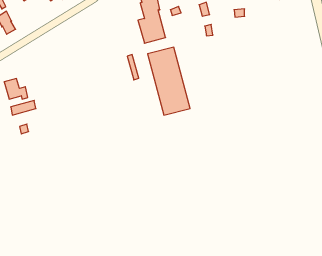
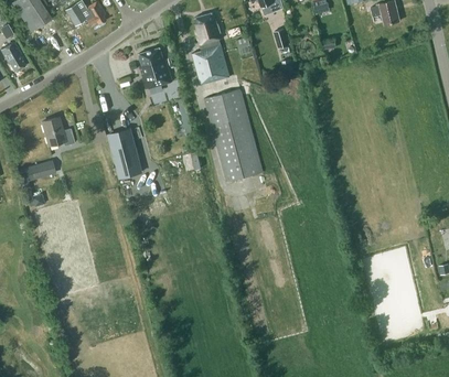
building: none -> [138,47,171,88]
building: none -> [109,129,141,177]
building: [4,79,28,99] -> [42,117,74,144]

